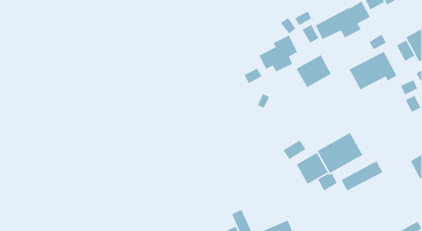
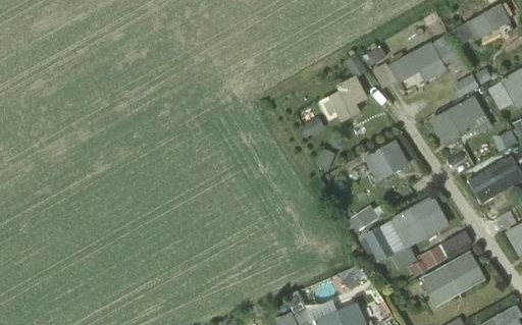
building: [295,54,332,88] -> [364,140,409,181]
building: none -> [468,160,511,200]
building: none -> [421,251,485,306]

